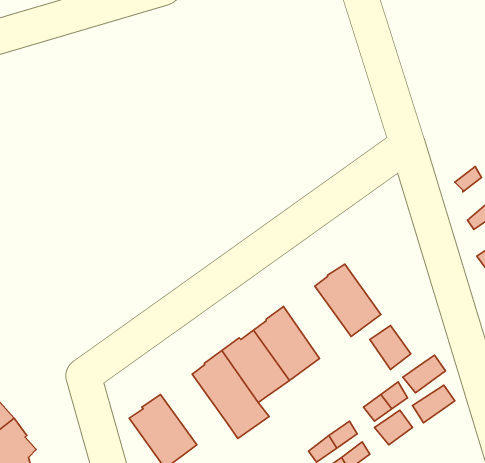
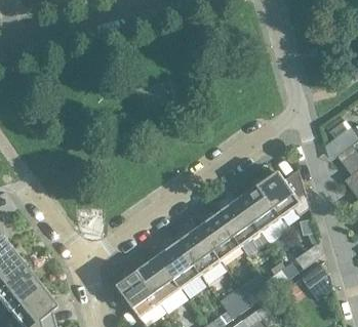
building: none -> [257,166,310,216]
building: none -> [217,198,262,245]
building: none -> [137,255,182,301]

